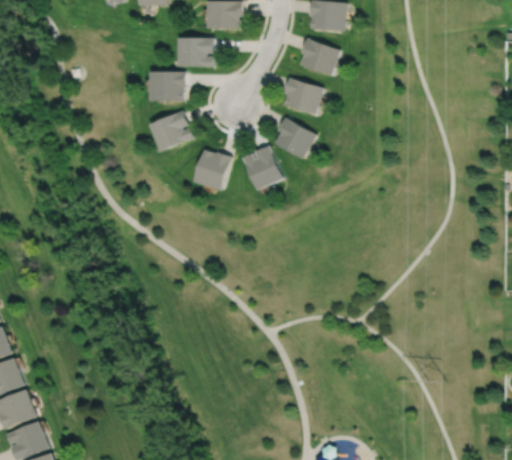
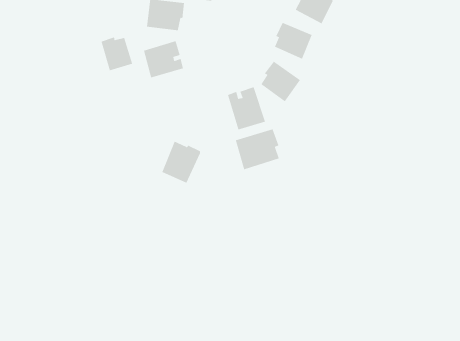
building: none -> [101,37,133,71]
building: [195,148,232,189] -> [161,141,201,183]
building: none -> [235,129,279,170]

